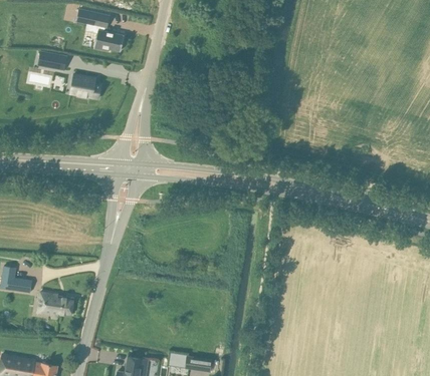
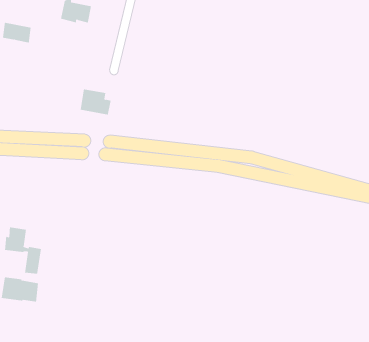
building: [71,74,101,99] -> [80,89,112,115]
building: none -> [4,227,41,275]

